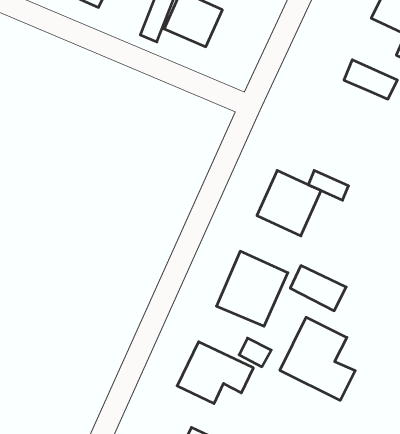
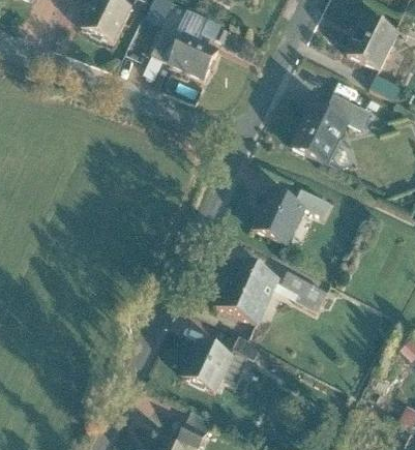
building: none -> [291,106,349,164]
building: [280,317,355,400] -> none

